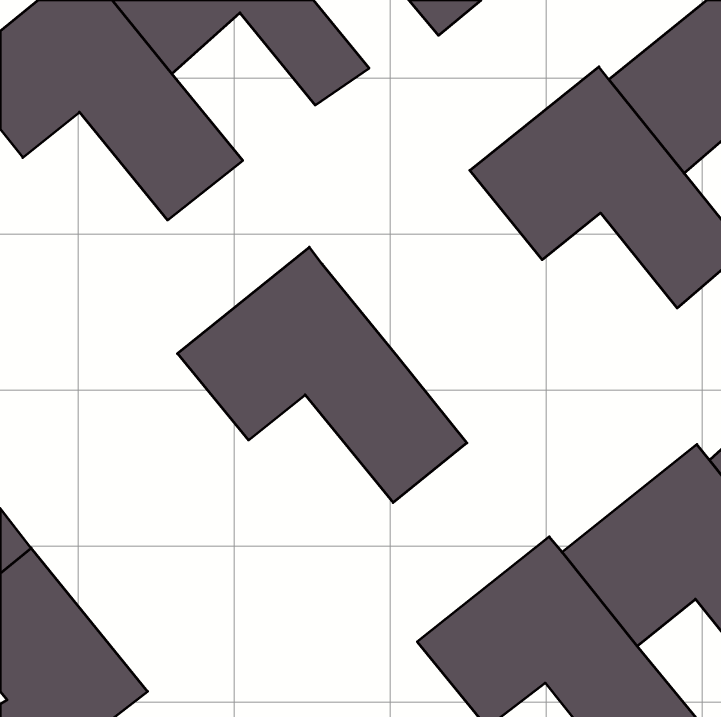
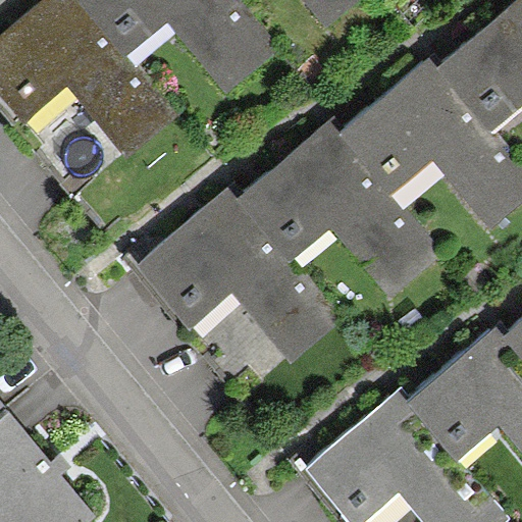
building: none -> [234,117,439,295]

